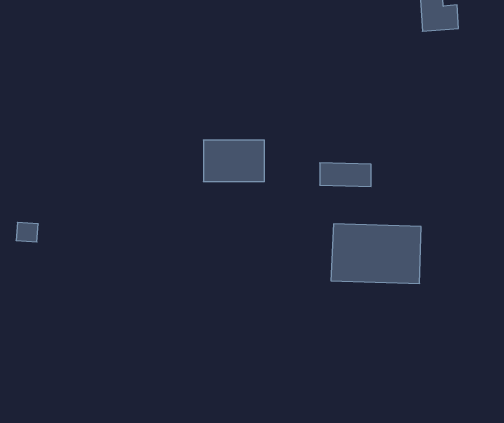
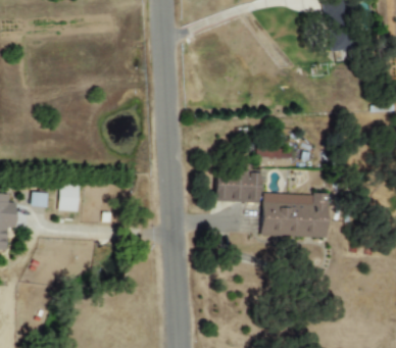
building: [203,140,264,182] -> [215,170,260,201]
building: none -> [59,185,80,210]

